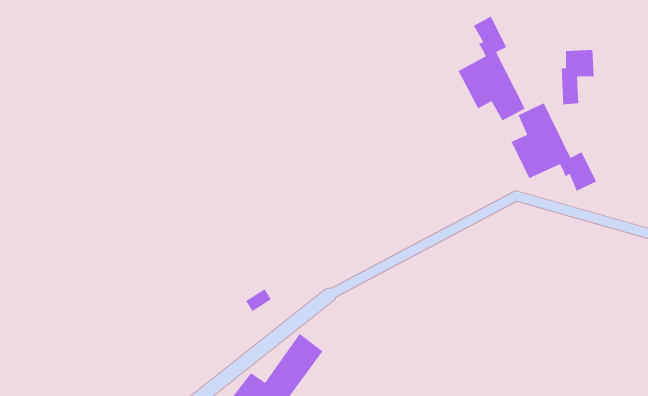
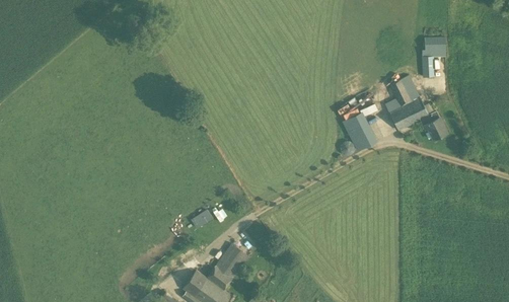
building: [458,15,526,121] -> none
building: none -> [342,110,377,151]

